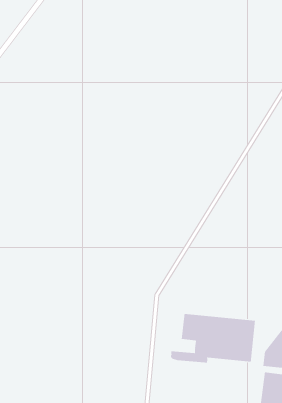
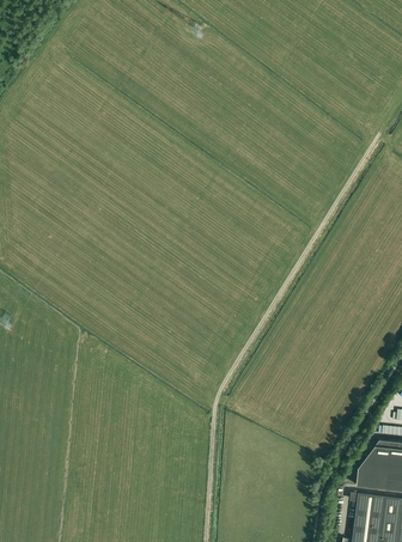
building: [170,313,256,364] -> none

